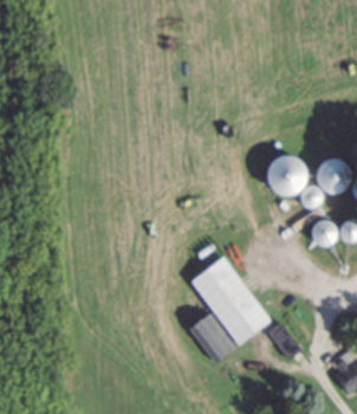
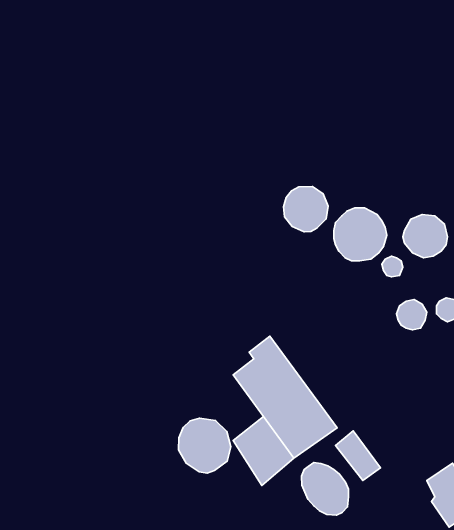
building: none -> [284,187,328,232]
building: none -> [179,418,231,473]
building: none -> [302,463,349,515]

